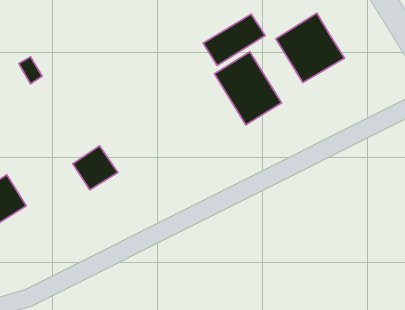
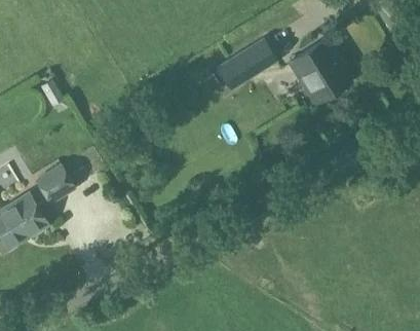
building: [214,52,282,125] -> none
building: [73,146,118,190] -> [33,162,76,205]

